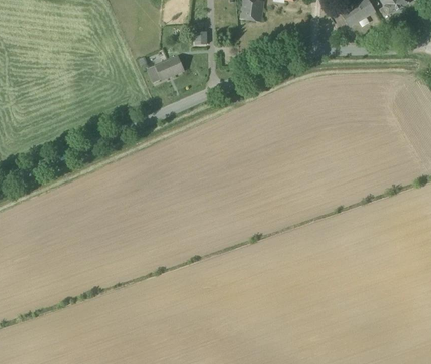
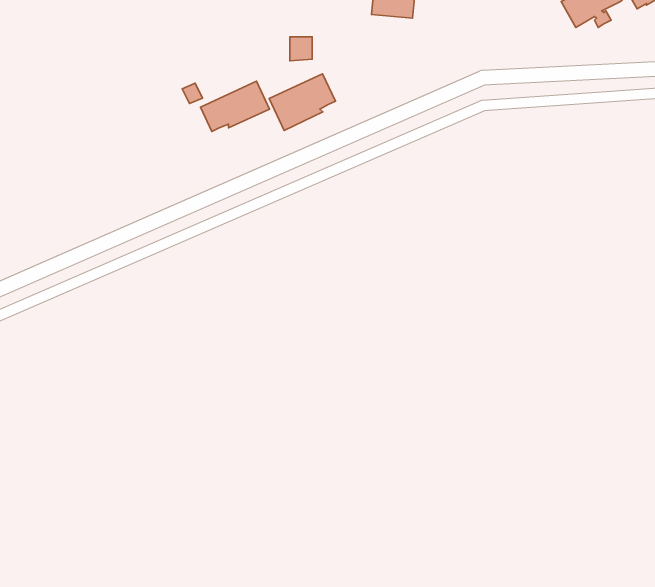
building: none -> [269,74,336,130]

